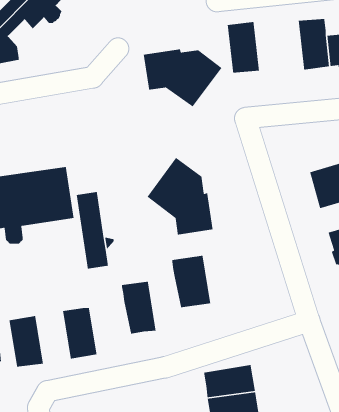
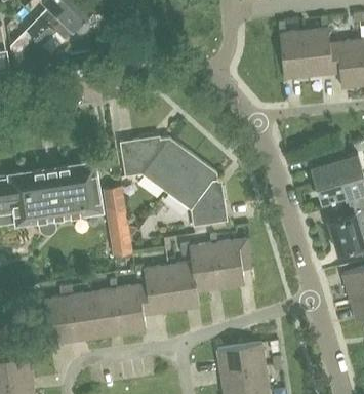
building: [227,21,260,73] -> [278,32,308,79]
building: [143,48,223,108] -> [121,137,193,191]
building: none -> [217,238,251,287]
building: none -> [168,263,199,312]
building: none -> [115,285,152,333]
building: none -> [67,293,97,342]

